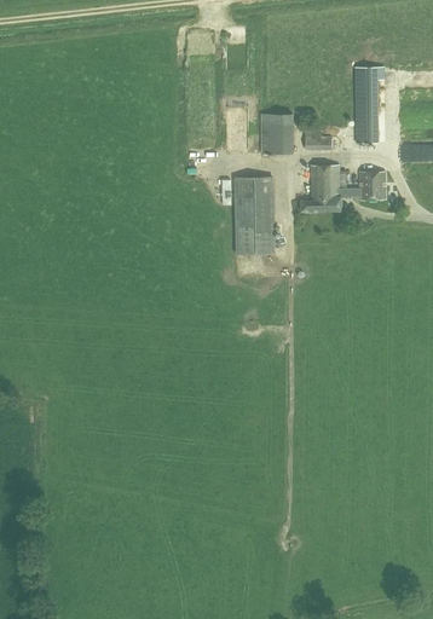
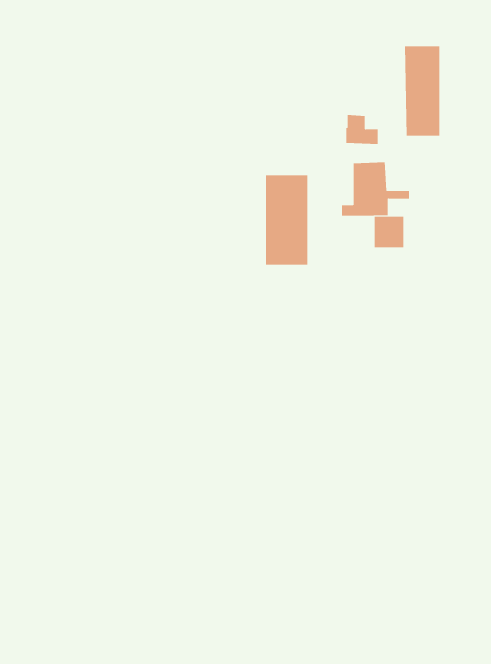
building: [260,114,293,154] -> none
building: [358,172,383,198] -> [374,216,404,248]

